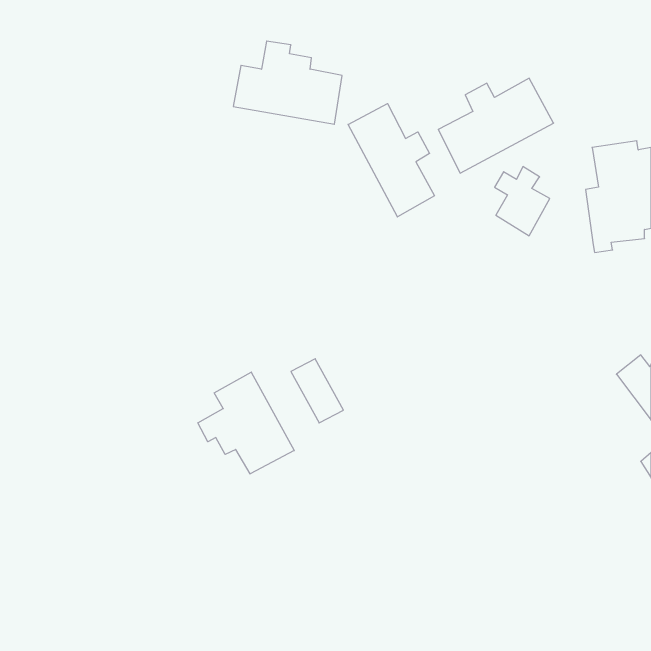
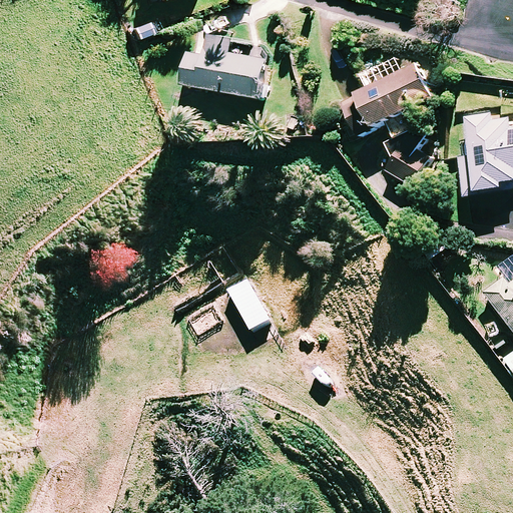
building: [348,104,434,217] -> none
building: [198,372,294,474] -> none

